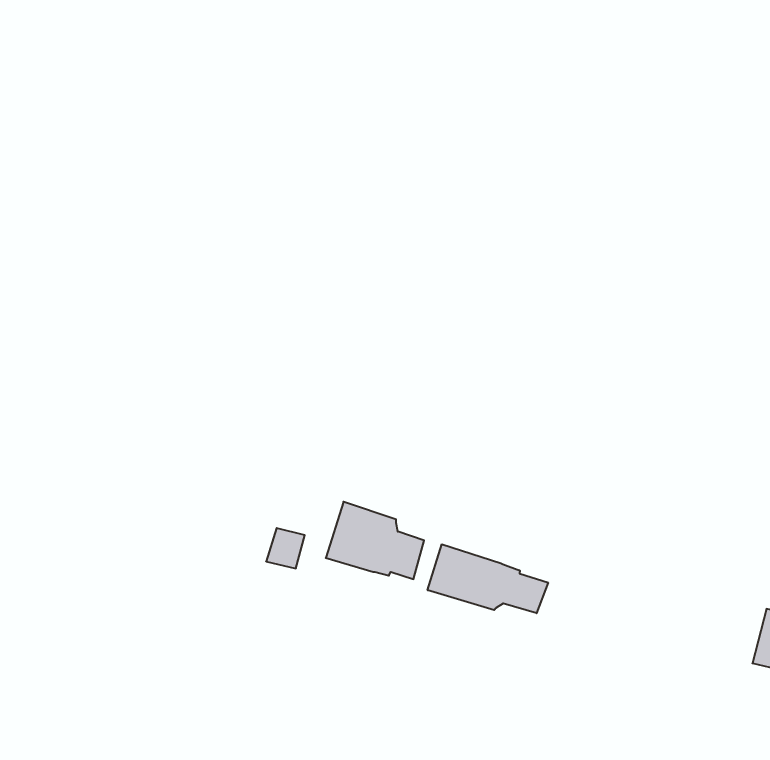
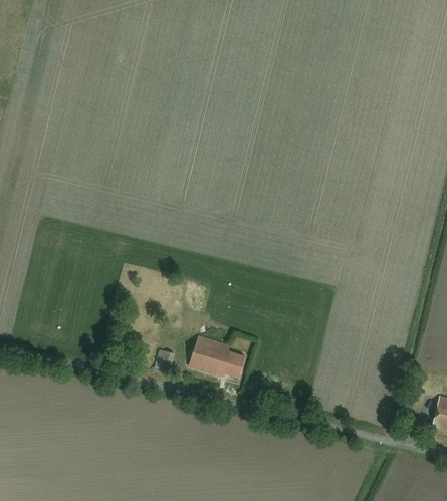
building: [428,544,548,613] -> none

